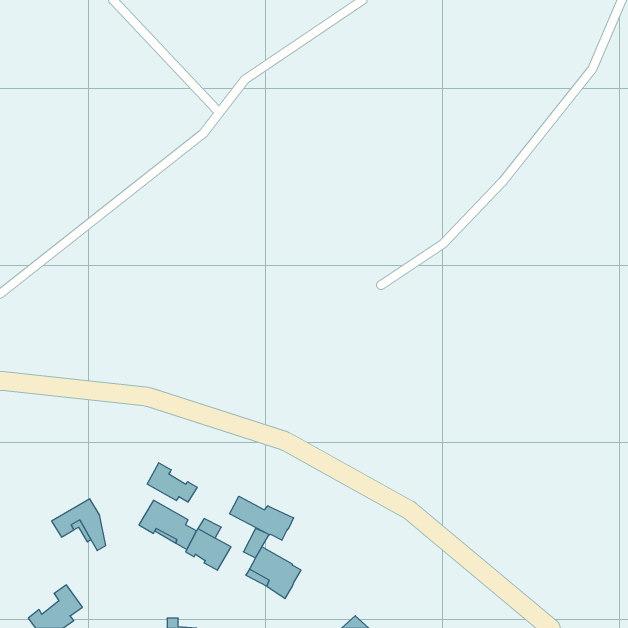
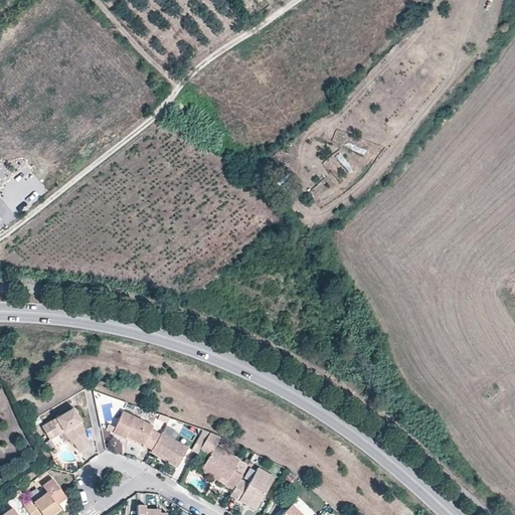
building: [147,463,197,502] -> none
building: [230,496,294,540] -> none
building: none -> [229,469,275,507]

